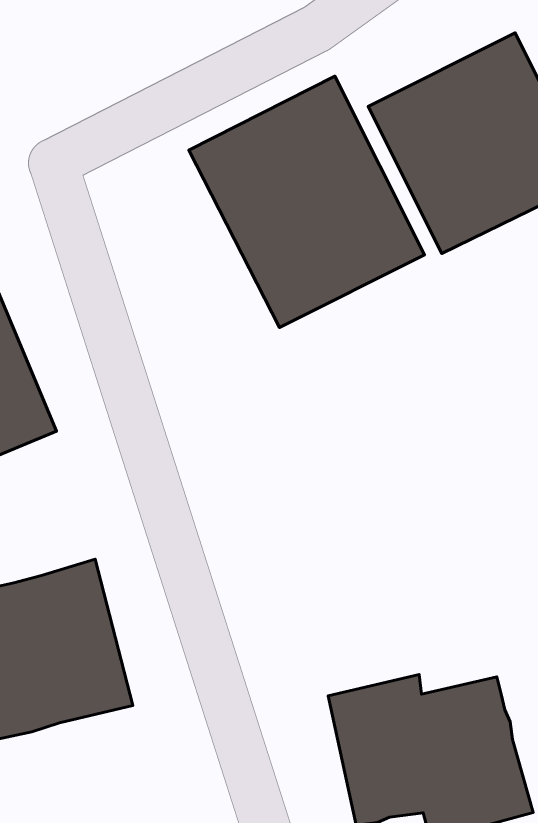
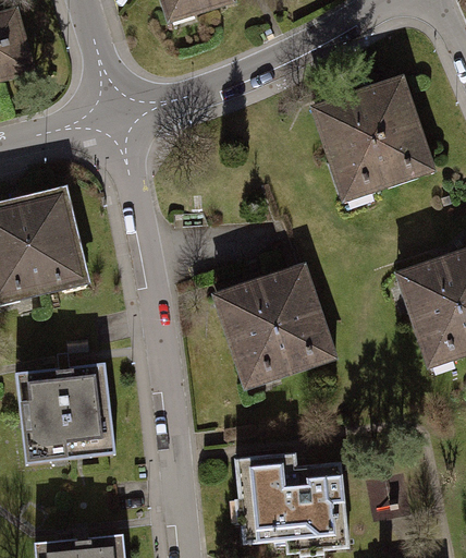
building: [189,76,424,327] -> none
building: none -> [208,260,336,393]

